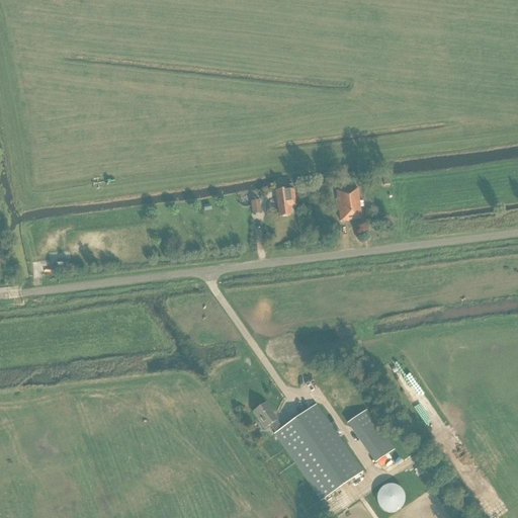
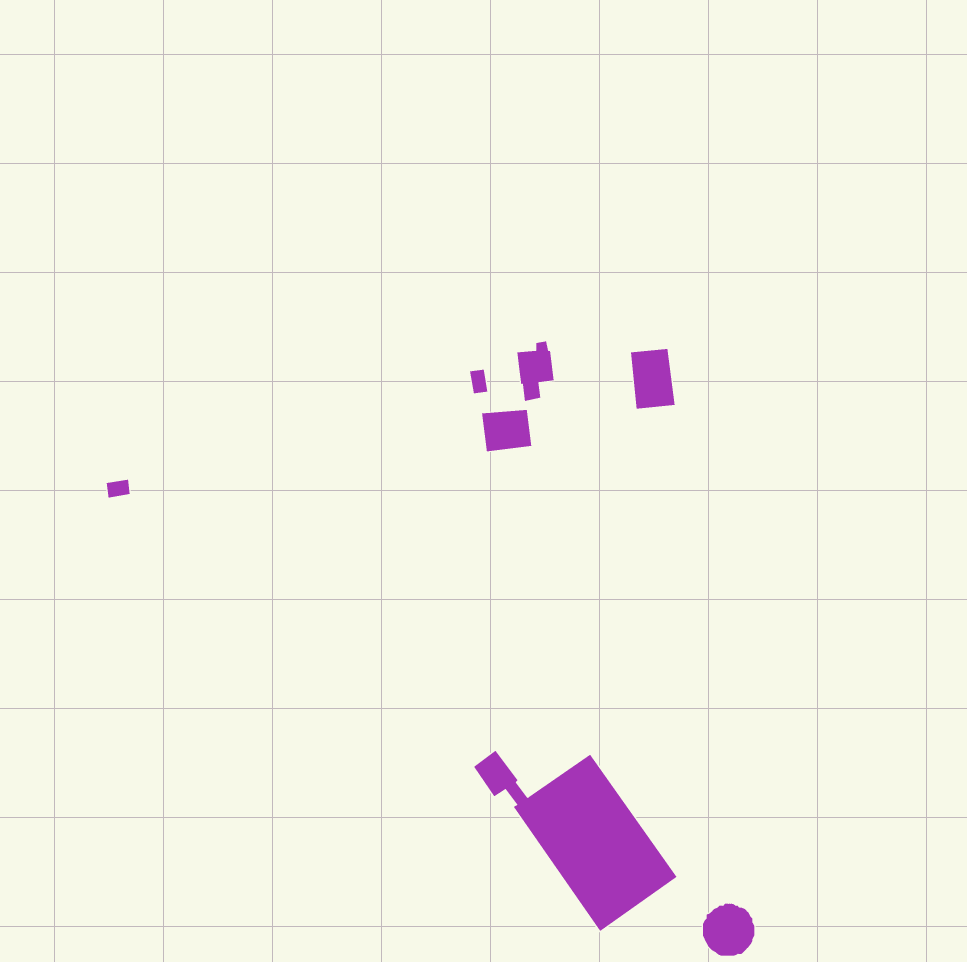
building: none -> [481,409,532,452]
building: [350,408,394,458] -> none

